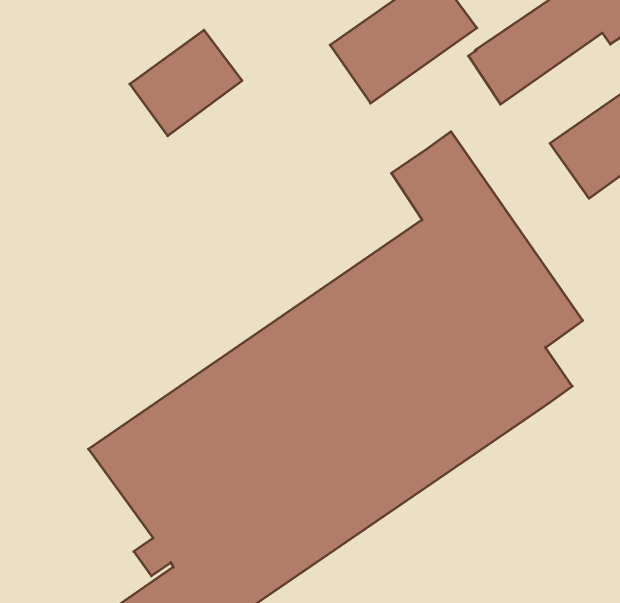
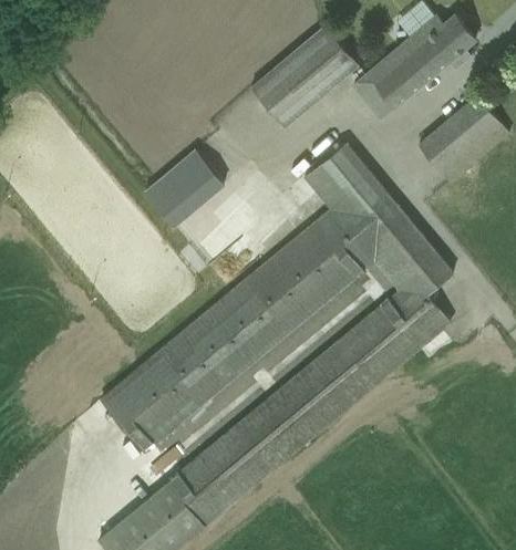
building: [130,30,242,136] -> [144,147,226,227]

